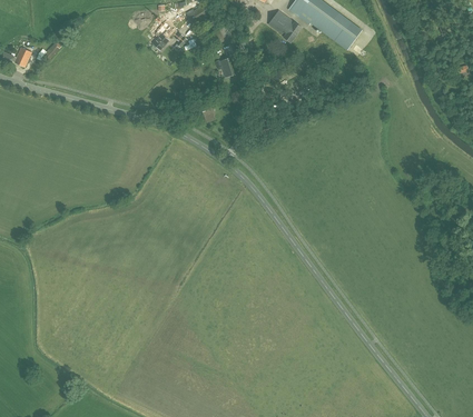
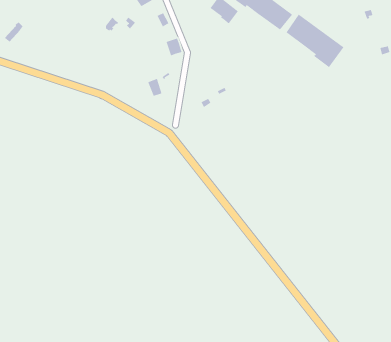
building: none -> [286,14,345,68]

